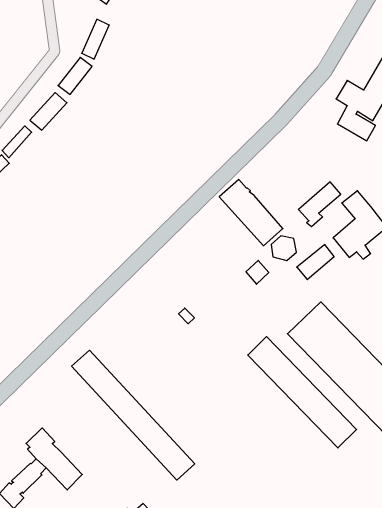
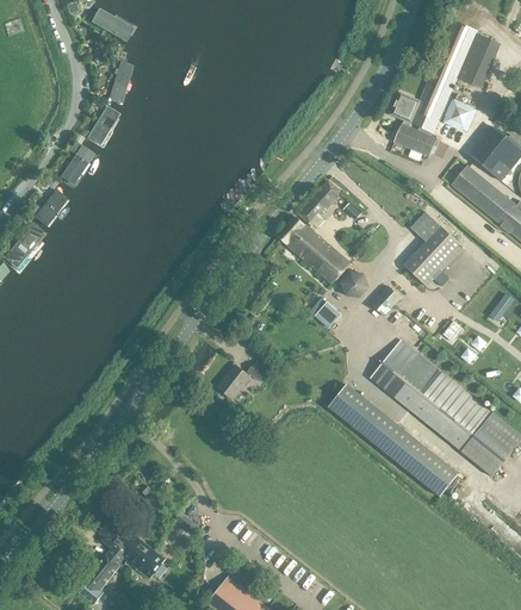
building: [298,182,341,227] -> [298,181,342,232]
building: none -> [217,366,250,400]
building: [72,350,195,480] -> none

